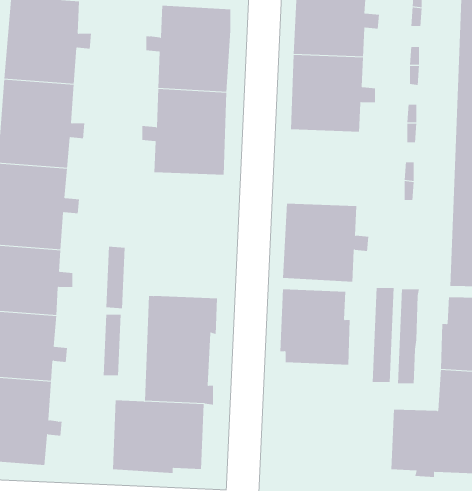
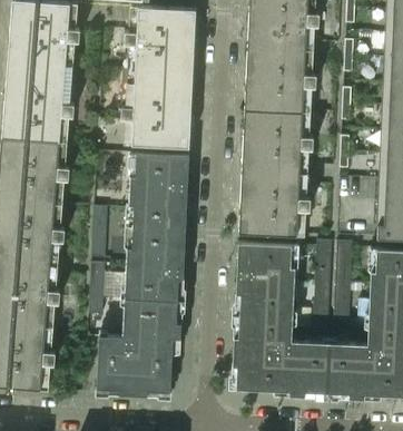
building: none -> [242,110,314,174]
building: none -> [128,154,189,251]
building: none -> [233,304,331,398]

